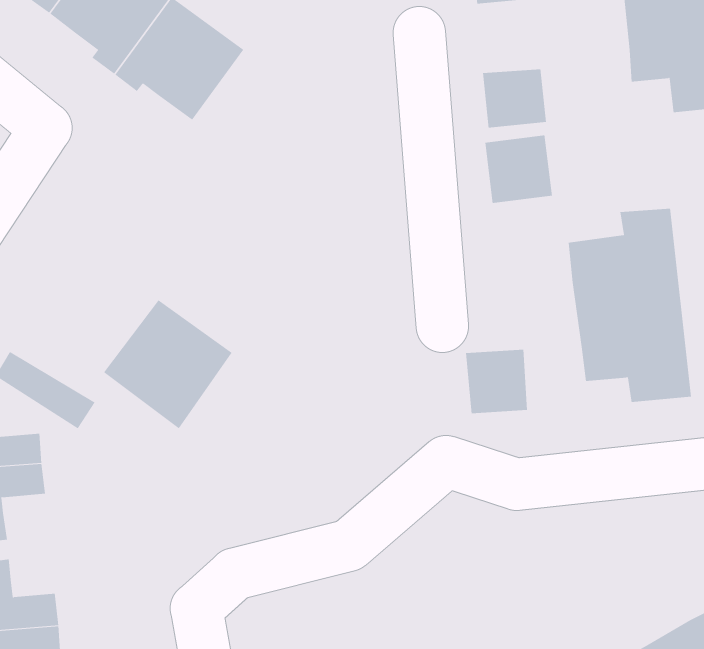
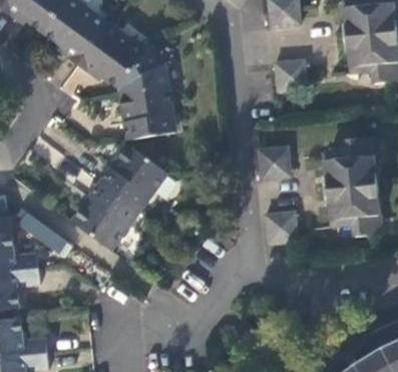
building: none -> [119,44,176,139]
building: [484,135,553,204] -> [255,140,291,176]
building: none -> [101,143,168,209]

